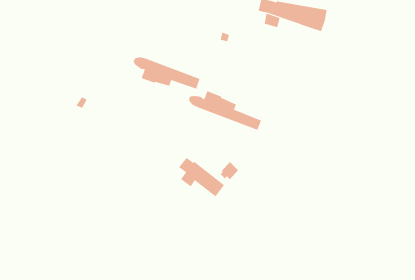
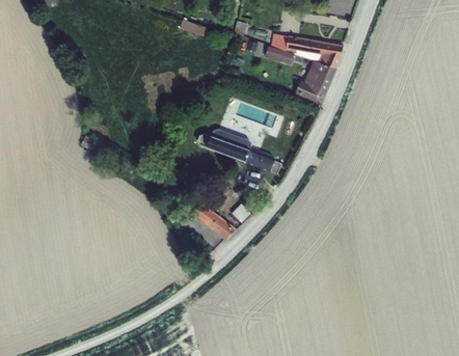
building: none -> [295,59,336,104]
building: [133,56,200,89] -> none

